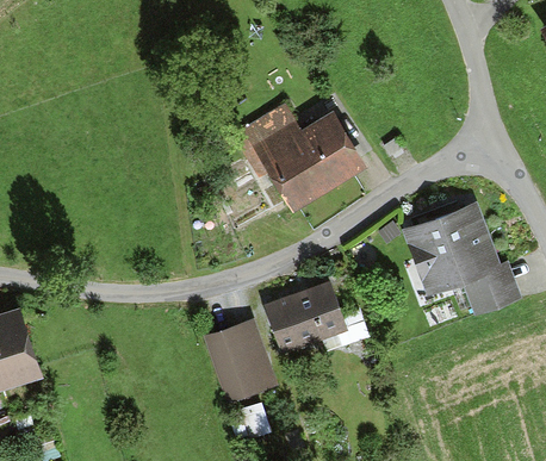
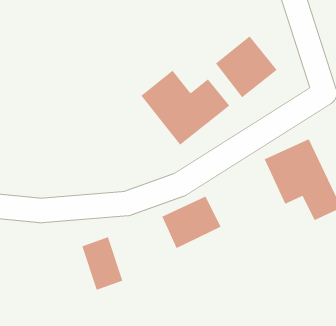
building: none -> [215,35,278,98]
building: [209,328,266,401] -> [81,237,123,290]

